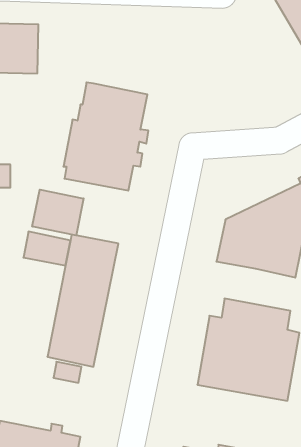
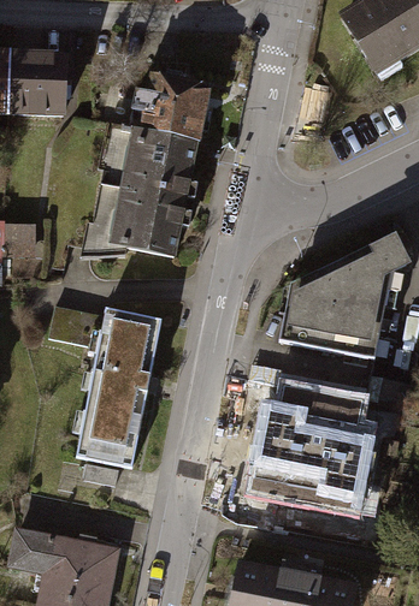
building: none -> [130,69,208,141]
building: [32,190,84,235] -> none

